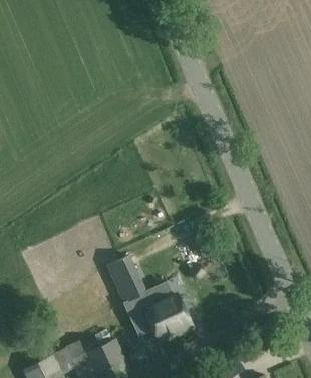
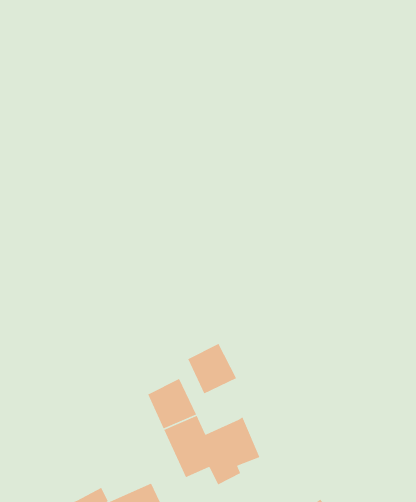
building: none -> [187,343,237,395]

